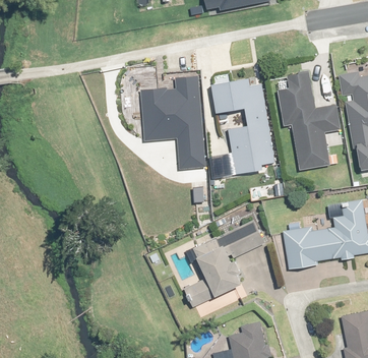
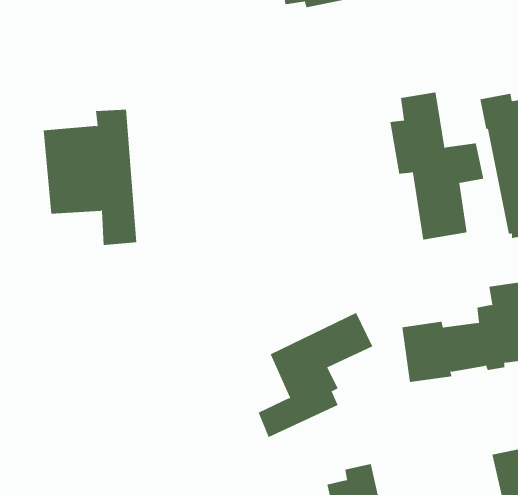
building: [140,77,204,170] -> [43,109,137,246]
building: [212,79,274,174] -> none

